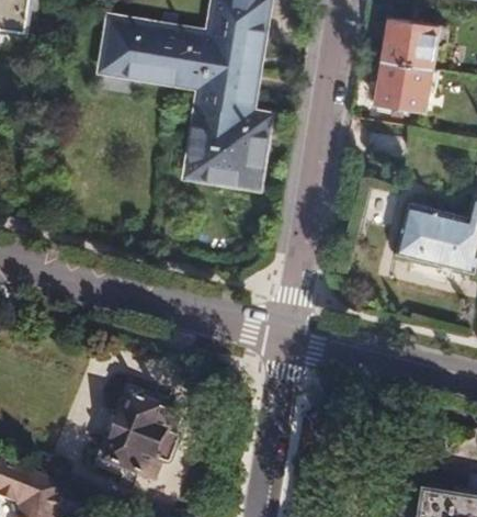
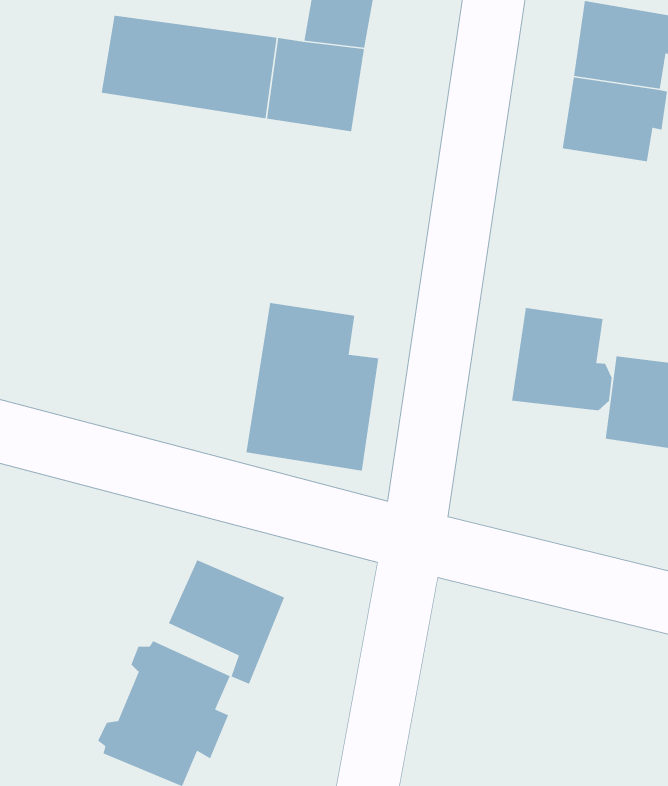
building: [185,83,264,183] -> [245,302,379,471]
building: none -> [511,307,612,411]
building: none -> [168,559,285,685]

